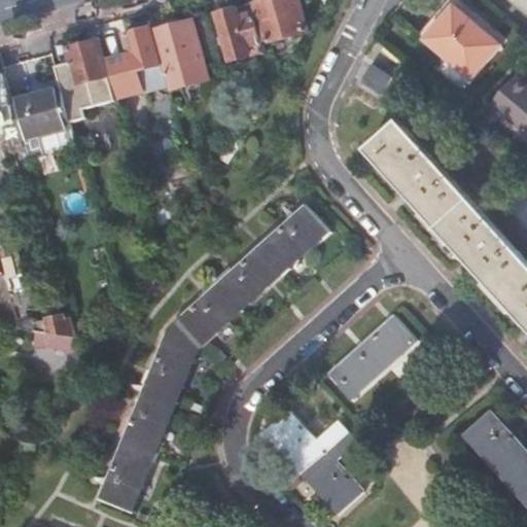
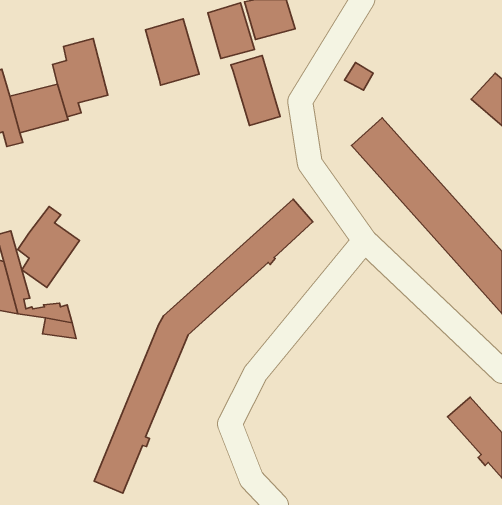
building: [424,4,501,79] -> none
building: [106,26,166,98] -> none
building: none -> [231,55,280,125]
building: none -> [18,206,80,287]
building: [328,316,414,397] -> none
building: [265,412,360,513] -> none

